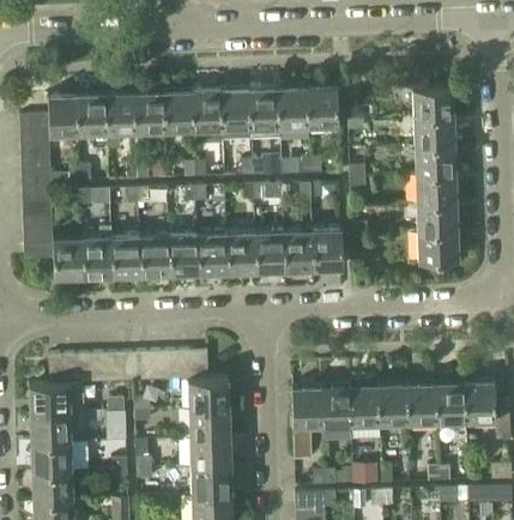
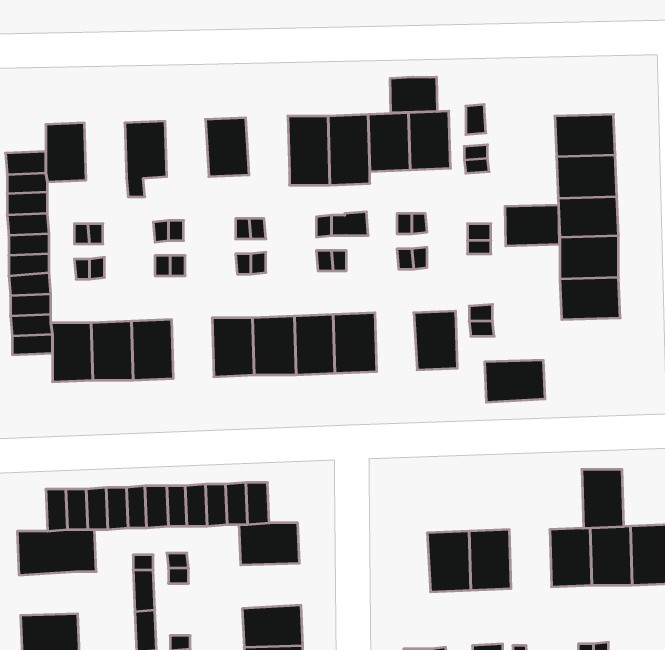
building: none -> [390,77,437,113]
building: [192,90,223,132] -> none
building: [134,92,165,133] -> none
building: [77,95,107,135] -> none
building: none -> [505,205,559,246]
building: [284,230,314,272] -> none
building: [139,234,169,277] -> none
building: [417,234,460,264] -> [485,360,545,402]
building: [380,385,410,427] -> [582,469,624,528]
building: [291,387,323,460] -> none
building: [188,409,231,441] -> none
building: [30,415,72,446] -> none

